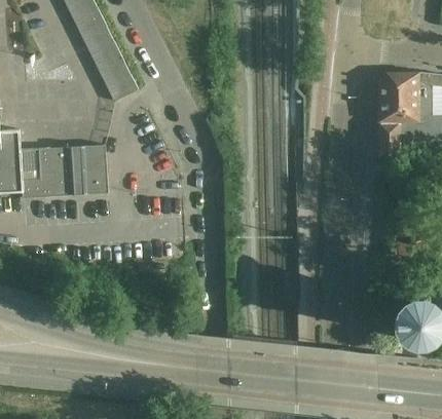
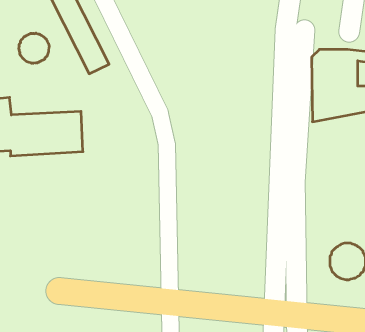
building: none -> [19,33,49,63]

